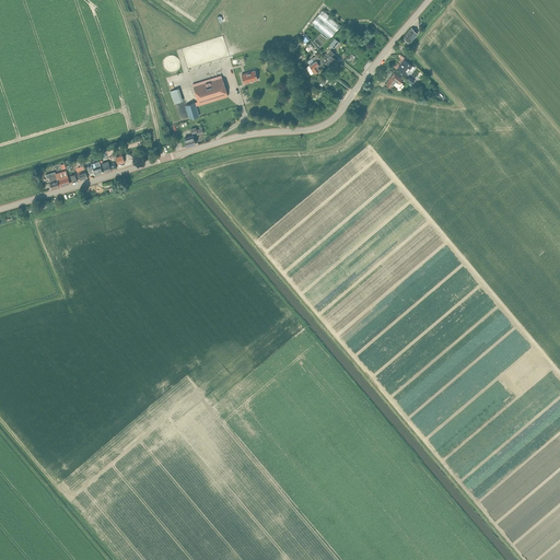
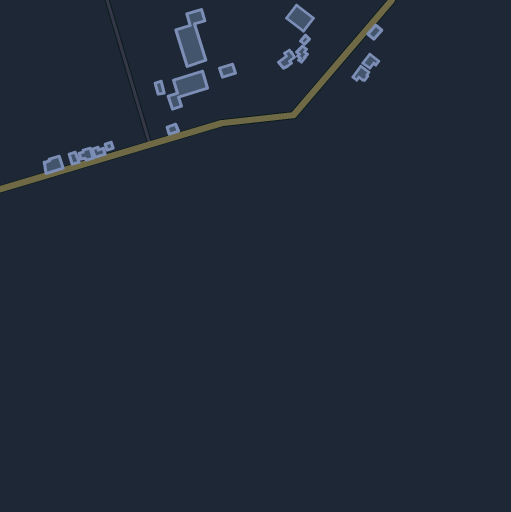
building: none -> [176,9,206,67]

